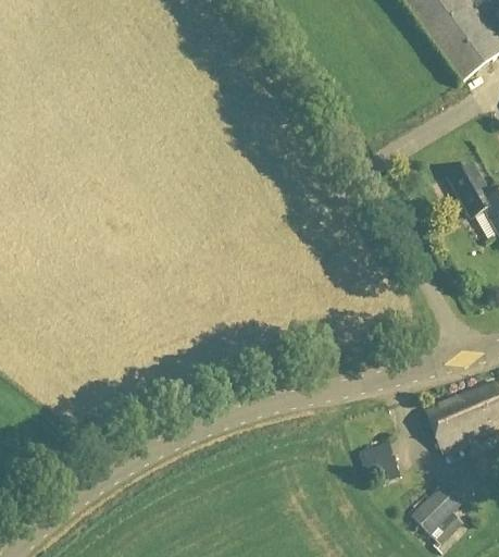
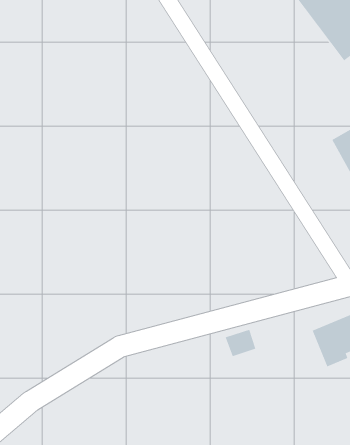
building: [360,442,398,475] -> [225,329,256,357]
building: [413,485,463,534] -> none

